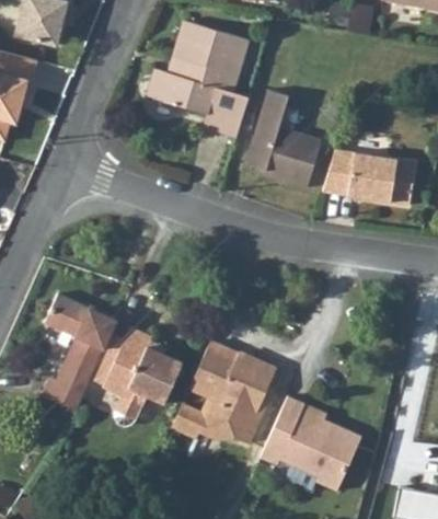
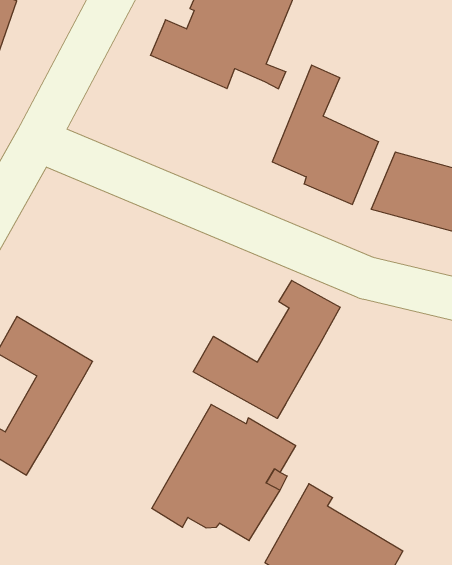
building: [199,95,242,136] -> none
building: none -> [193,280,340,418]
building: [94,328,187,430] -> none

